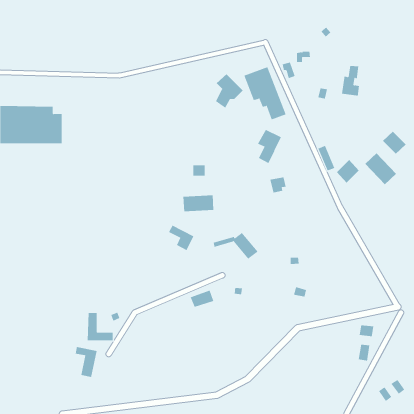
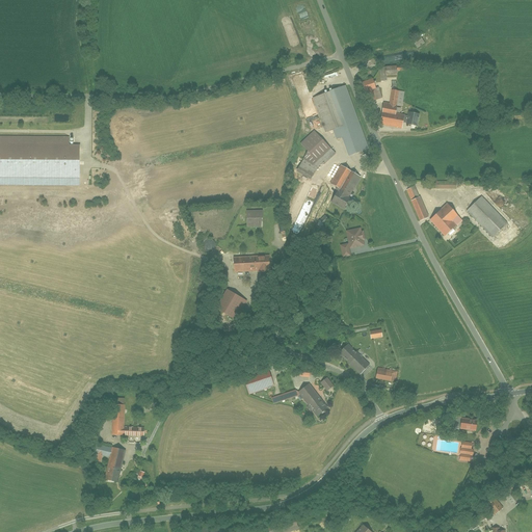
building: [341,65,360,96] -> [380,89,404,129]
building: [215,74,243,108] -> [298,131,335,176]
building: [382,131,406,155] -> none
building: [213,232,258,260] -> [272,382,330,418]
building: none -> [340,344,371,374]

